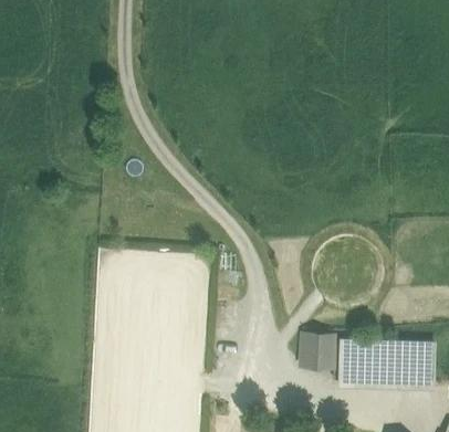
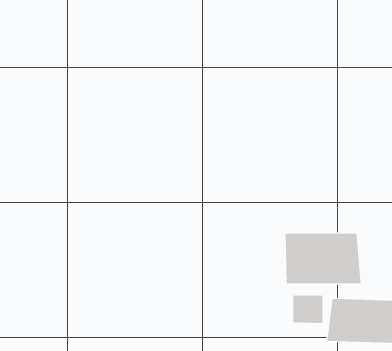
building: none -> [285,233,361,284]

